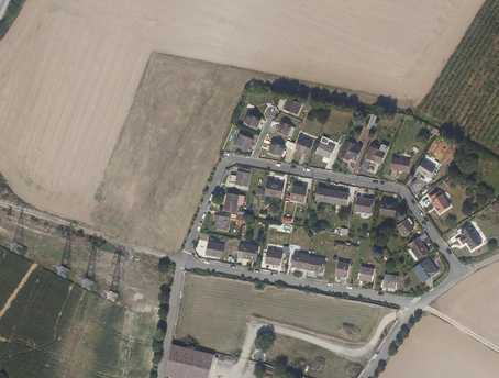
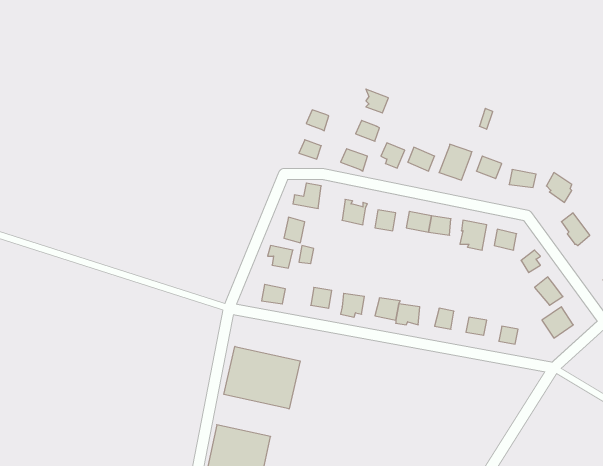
building: none -> [224,346,300,409]

